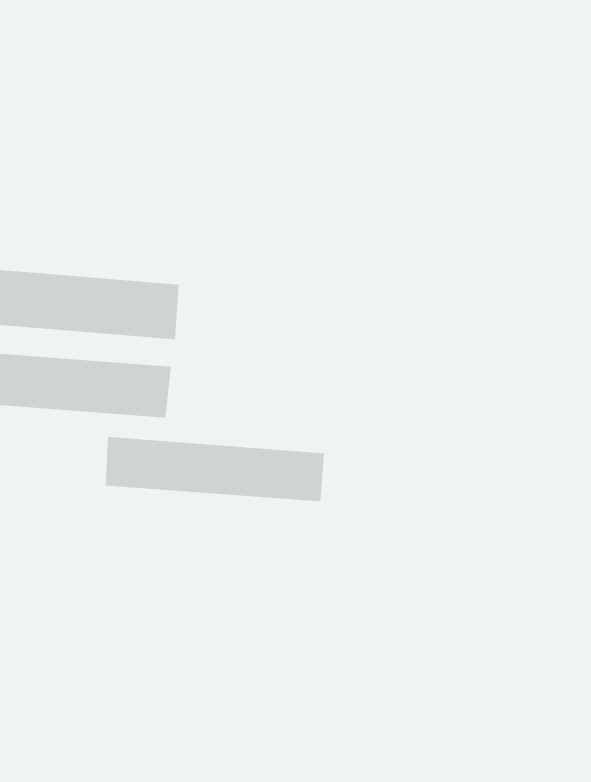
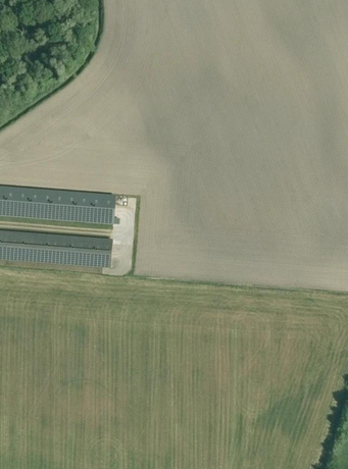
building: [105,436,325,502] -> none

